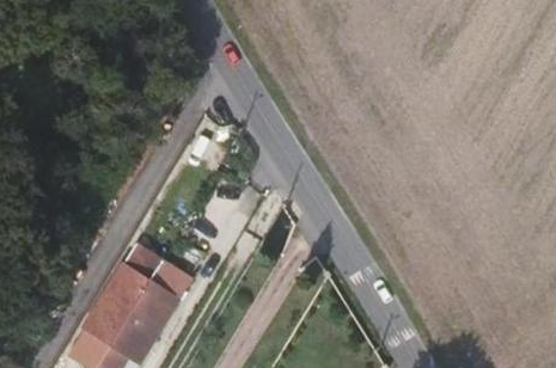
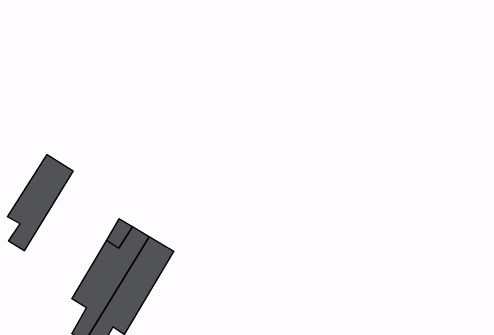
building: none -> [7,155,73,251]

